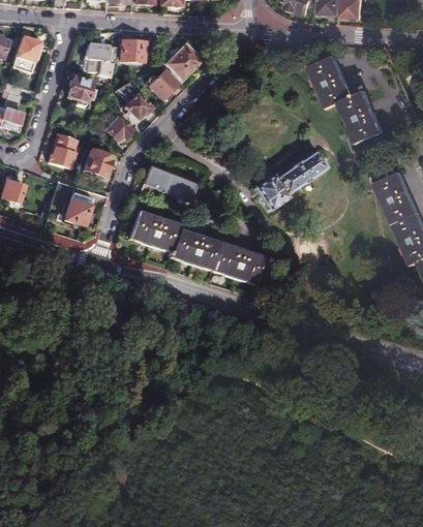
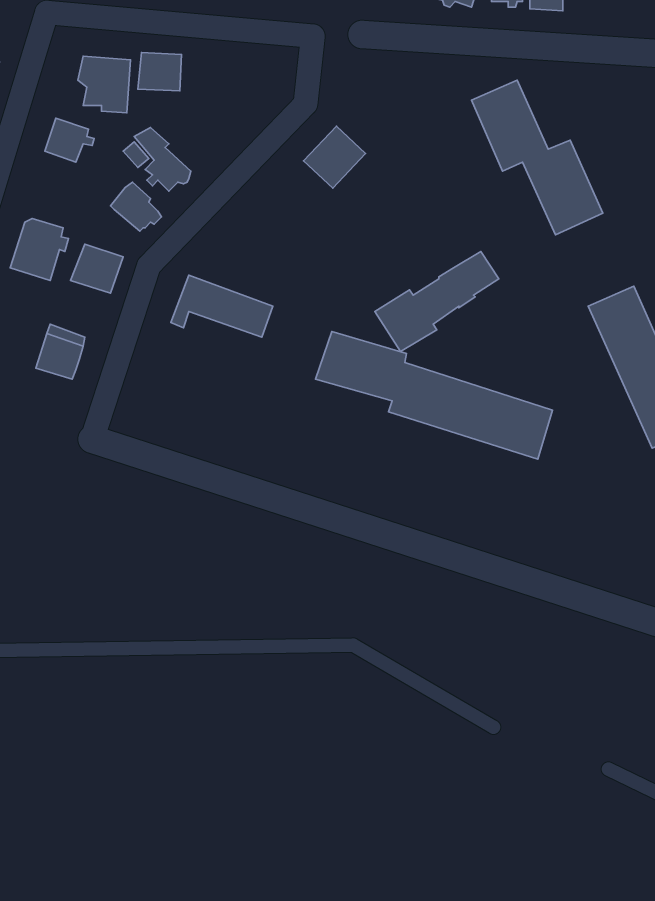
building: [167,43,202,79] -> [304,126,366,188]
building: [147,69,179,97] -> none
building: [126,212,261,284] -> [315,332,553,459]

